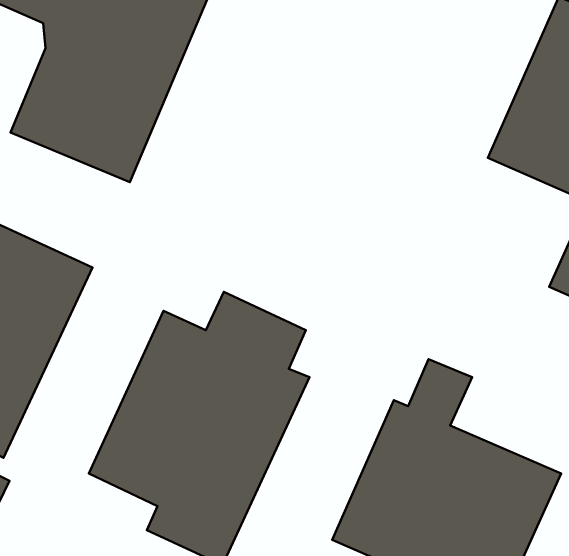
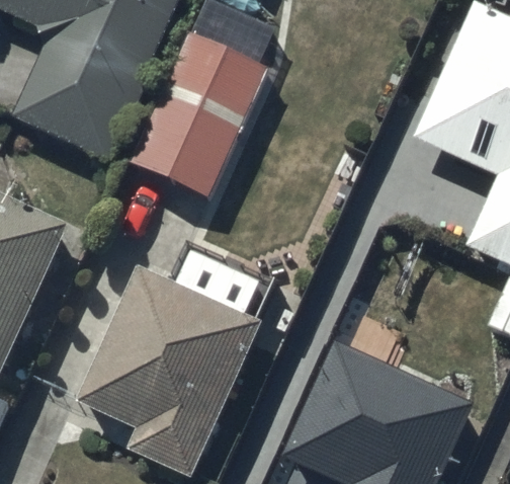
building: none -> [129,30,267,196]

